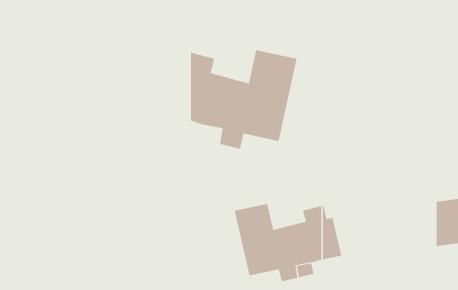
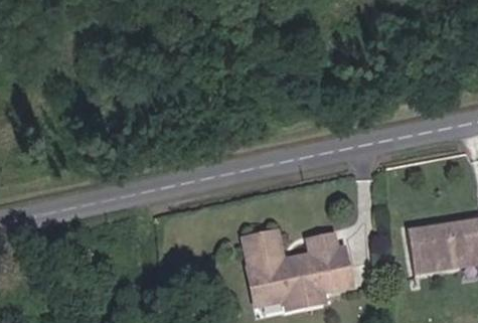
building: [191,49,297,150] -> none
building: none -> [409,226,447,275]

